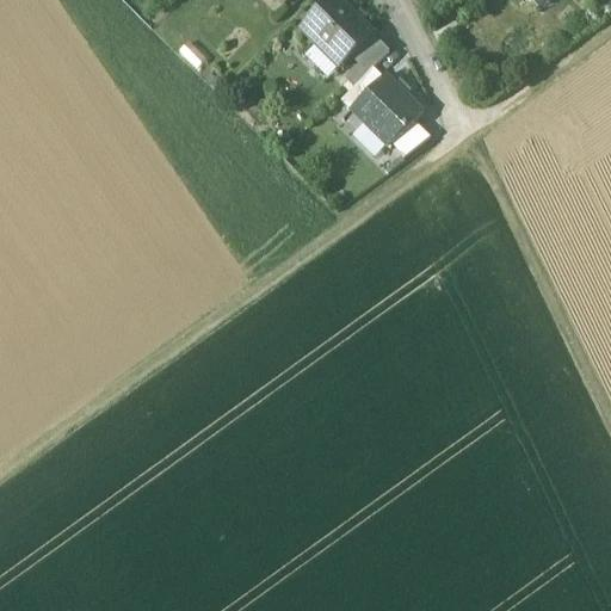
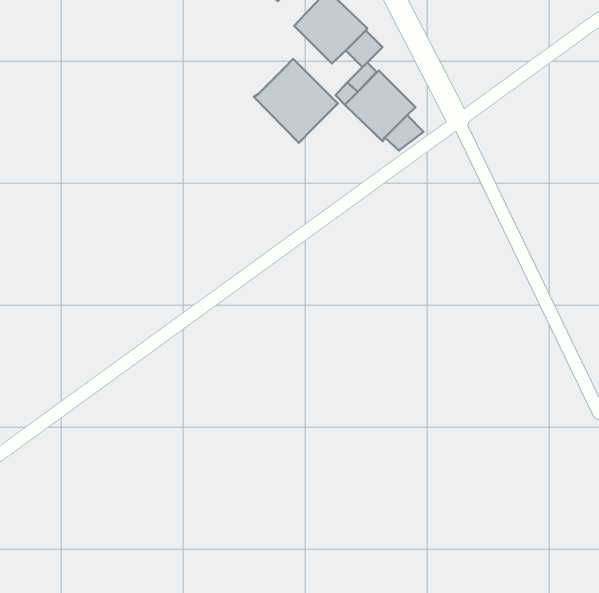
building: none -> [254,59,338,143]

